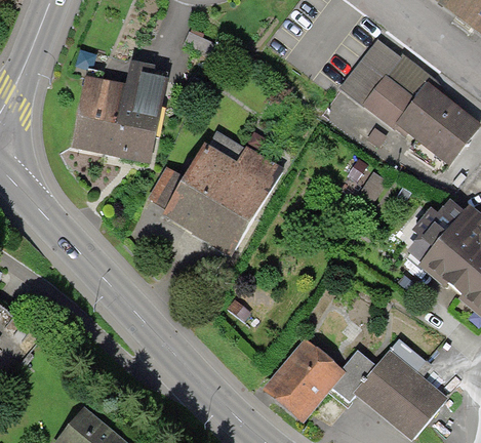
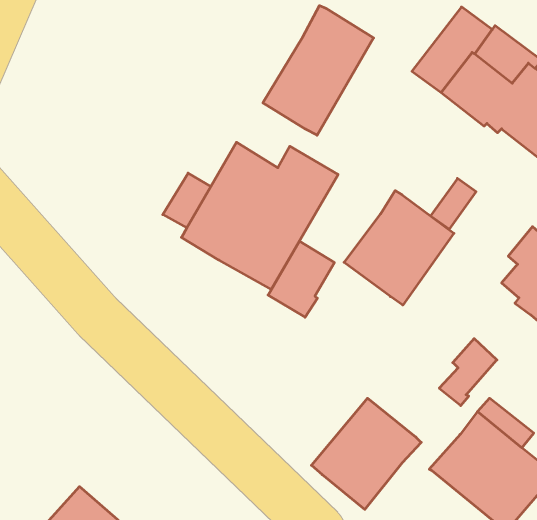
building: none -> [263,6,374,135]
building: [71,58,168,162] -> none
building: none -> [344,191,454,305]
building: none -> [268,241,334,317]
building: [332,349,376,400] -> [439,339,497,406]

